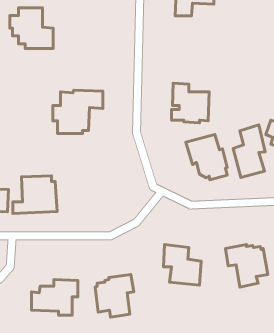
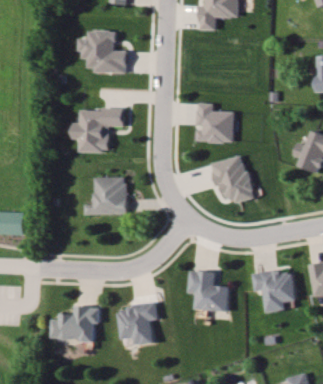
building: [10,8,53,49] -> [80,32,125,74]
building: [233,125,265,178] -> none
building: [13,176,57,213] -> [83,176,129,215]

